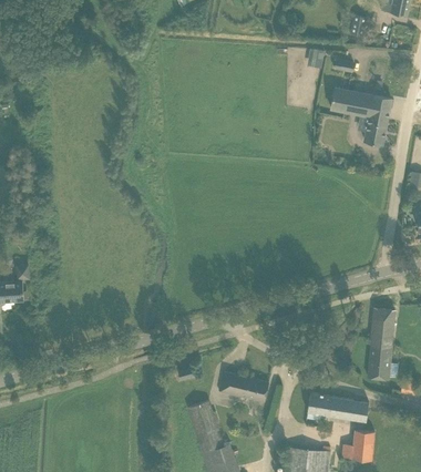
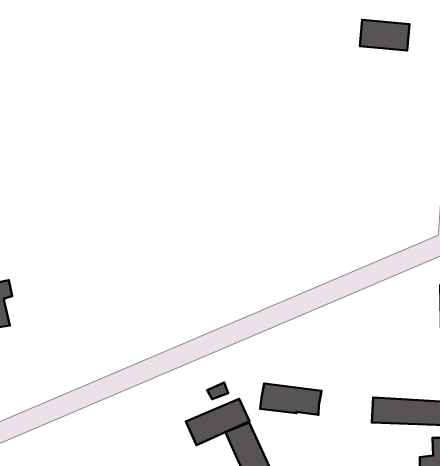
building: [363,95,390,144] -> none
building: none -> [186,399,250,445]

